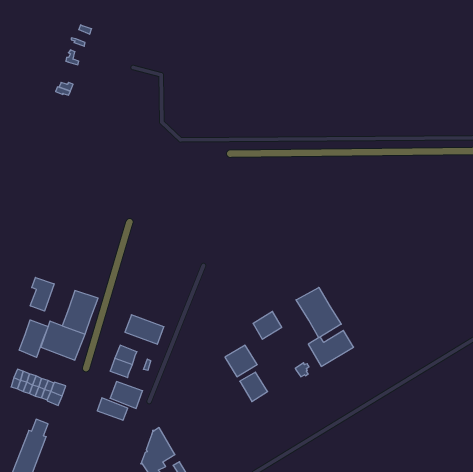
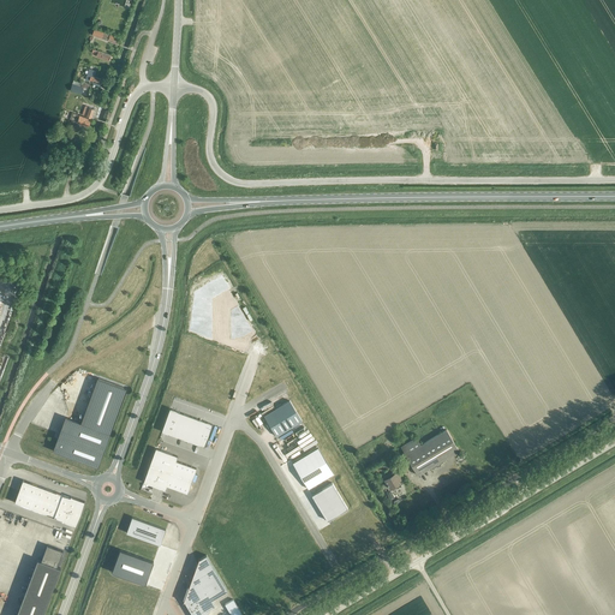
building: [30,277,54,311] -> none
building: [296,287,341,338] -> none
building: [253,311,282,339] -> [264,401,301,437]
building: [19,320,48,357] -> none
building: [110,382,143,408] -> [112,551,154,586]

